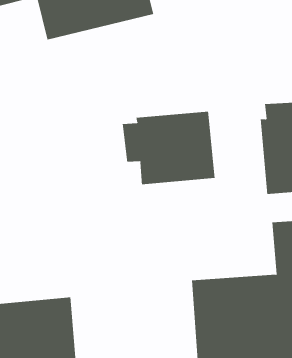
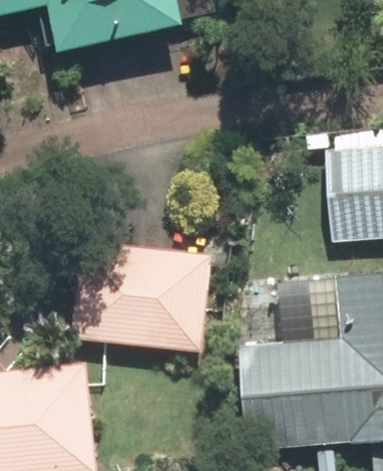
building: [122,111,215,185] -> none
building: none -> [81,243,213,350]

